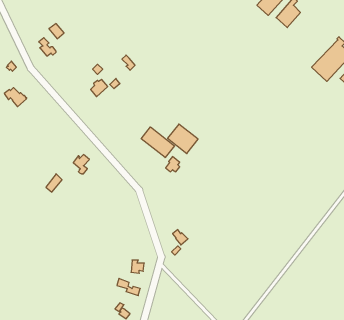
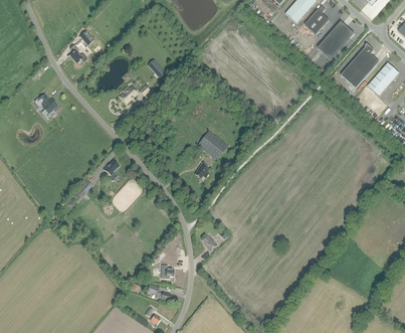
building: none -> [318,20,354,58]
building: [141,127,174,158] -> none

